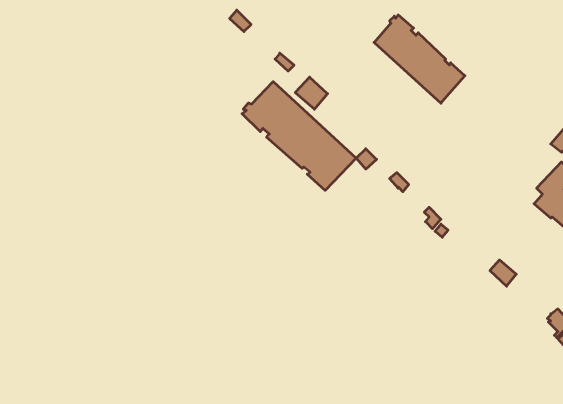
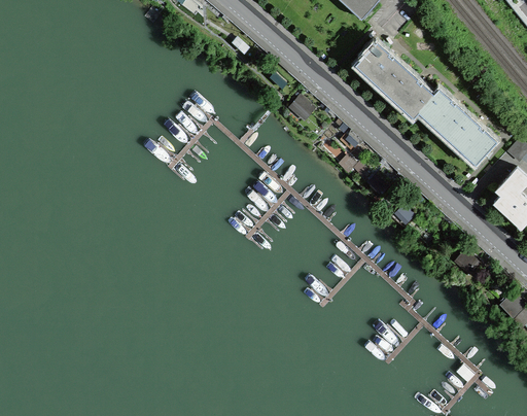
building: none -> [418,89,496,164]
building: [242,82,356,190] -> none

